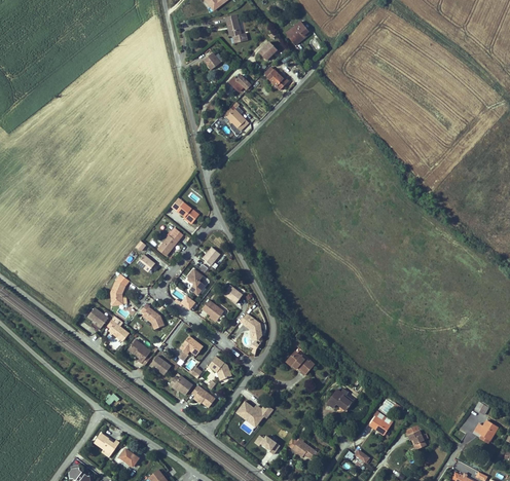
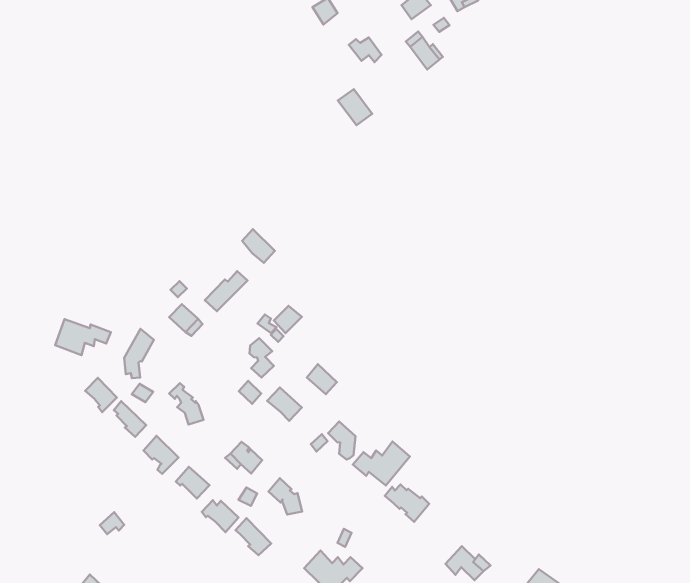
building: none -> [55,319,111,355]
building: none -> [353,441,410,485]

